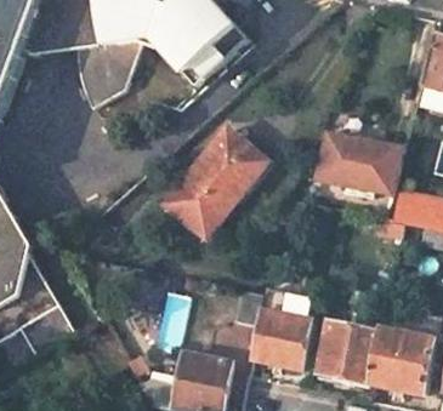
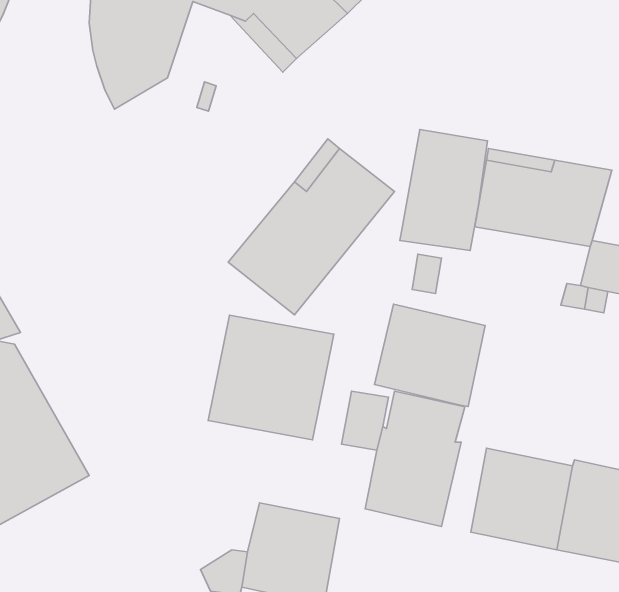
building: none -> [400,129,488,250]
building: none -> [374,304,485,406]
building: none -> [208,315,334,440]

